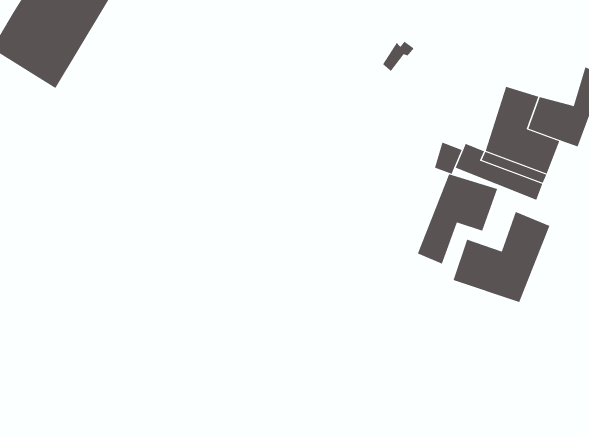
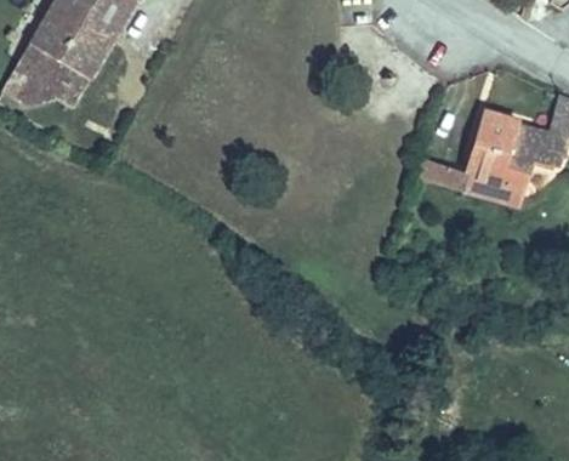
building: [417,173,498,264] -> none
building: [453,211,550,303] -> none

